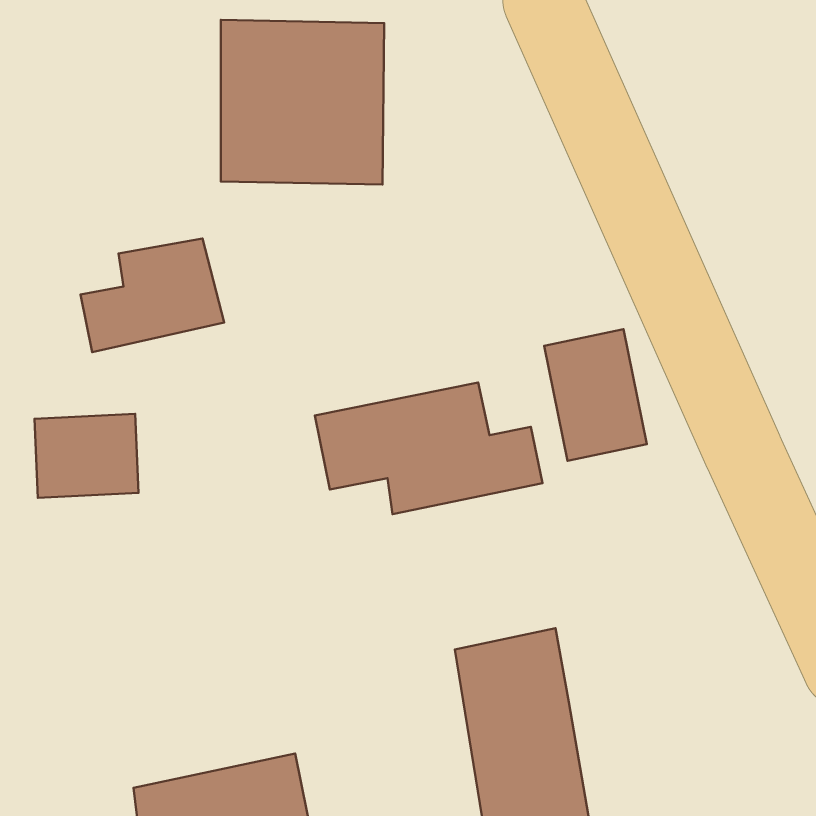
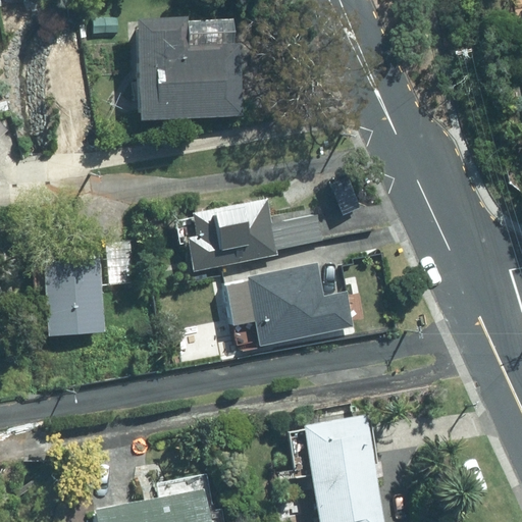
building: [81,239,224,352] -> [181,188,270,258]
building: [544,329,647,461] -> none

